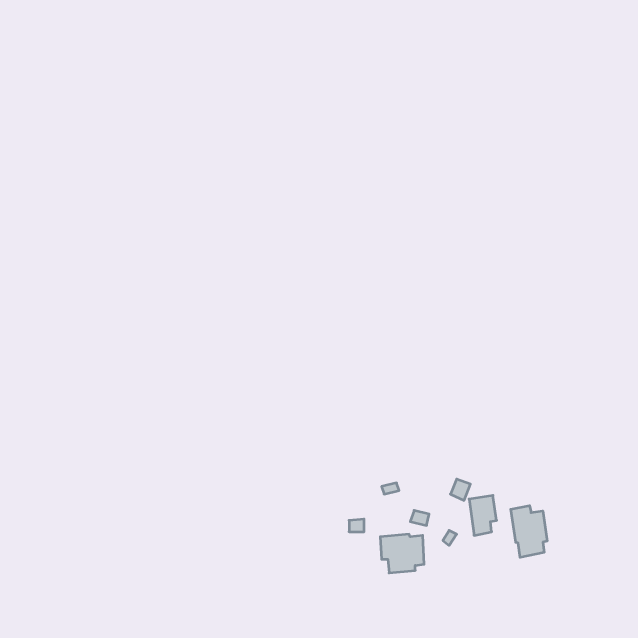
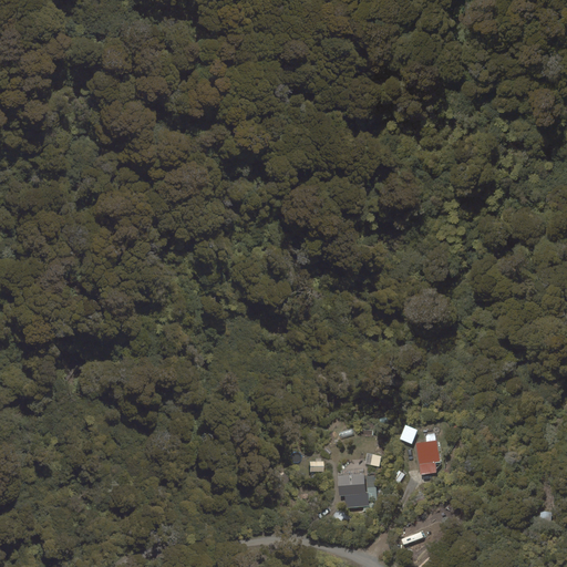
building: [511,506,547,557] -> none

